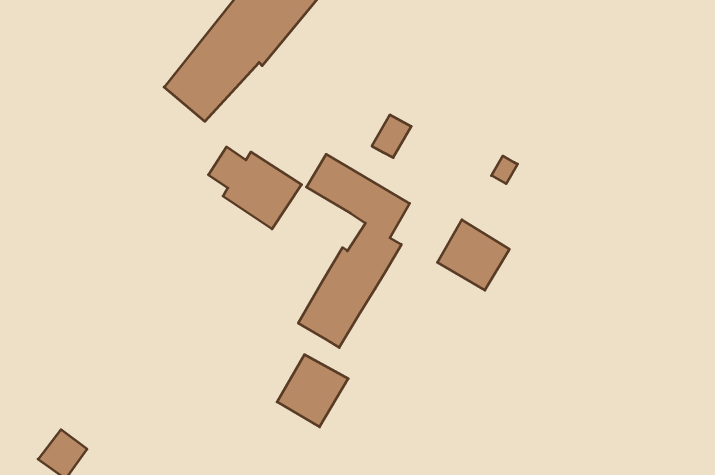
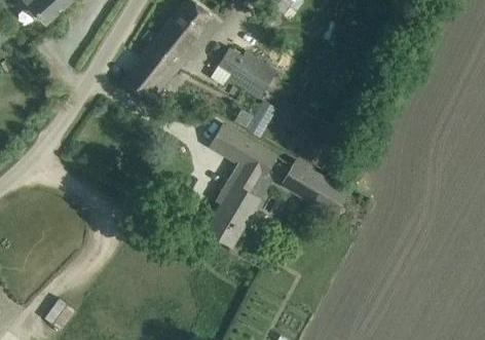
building: [208,147,302,229] -> [218,47,276,99]
building: [277,355,348,427] -> none

